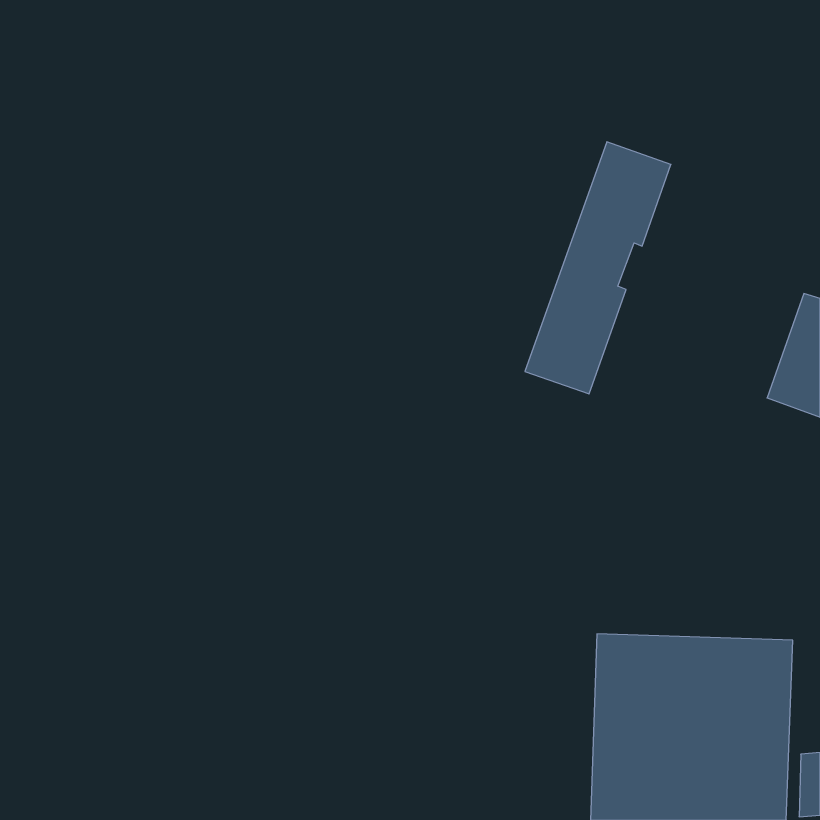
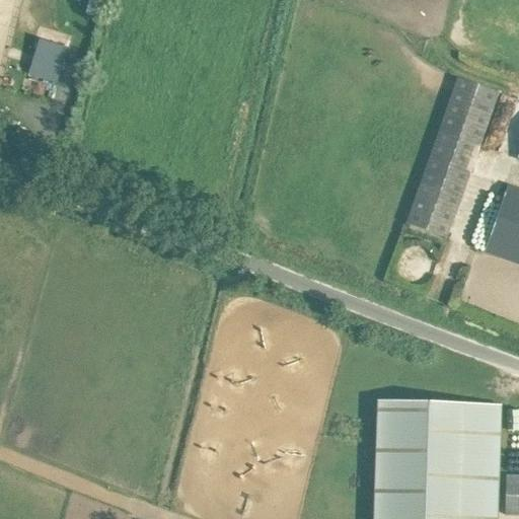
building: none -> [31,42,66,77]
building: [525,142,671,394] -> [405,79,498,238]

